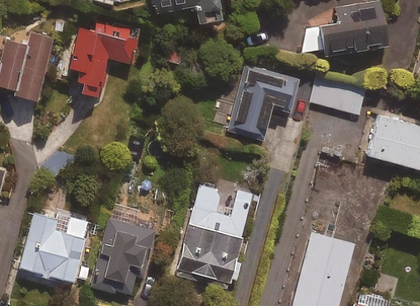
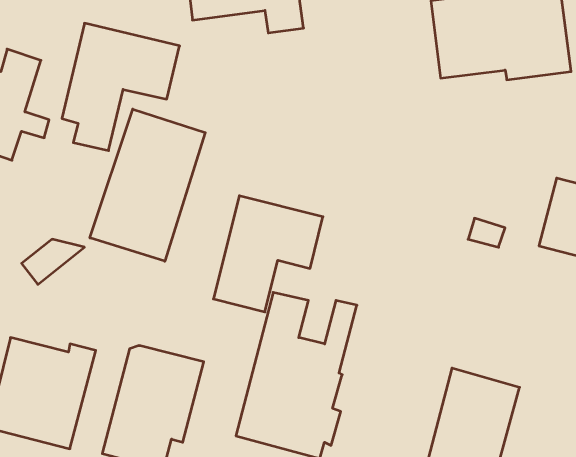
building: [230,65,299,138] -> [213,196,323,312]
building: none -> [90,109,205,261]
building: [311,83,364,114] -> none

